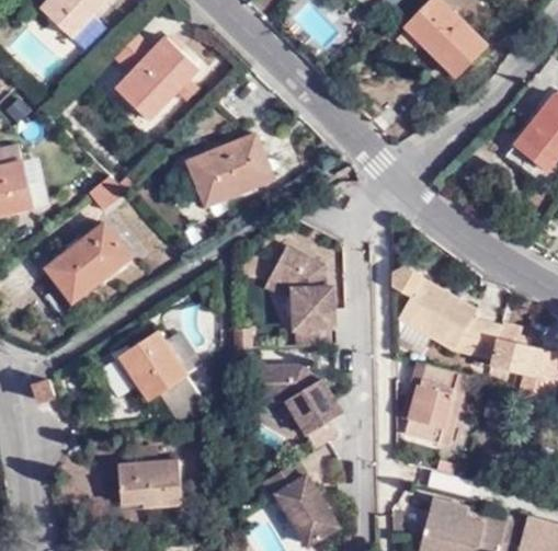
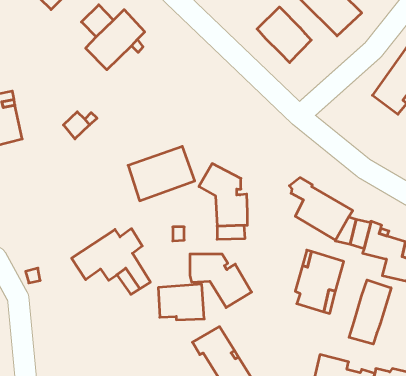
building: none -> [257,7,311,63]
building: [184,135,273,207] -> [128,146,195,201]
building: [45,220,129,298] -> none
building: none -> [349,280,391,344]
building: [118,460,180,507] -> [158,284,204,320]

